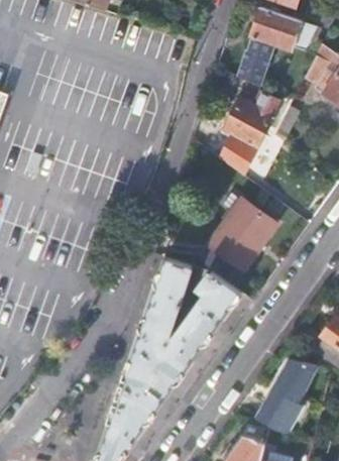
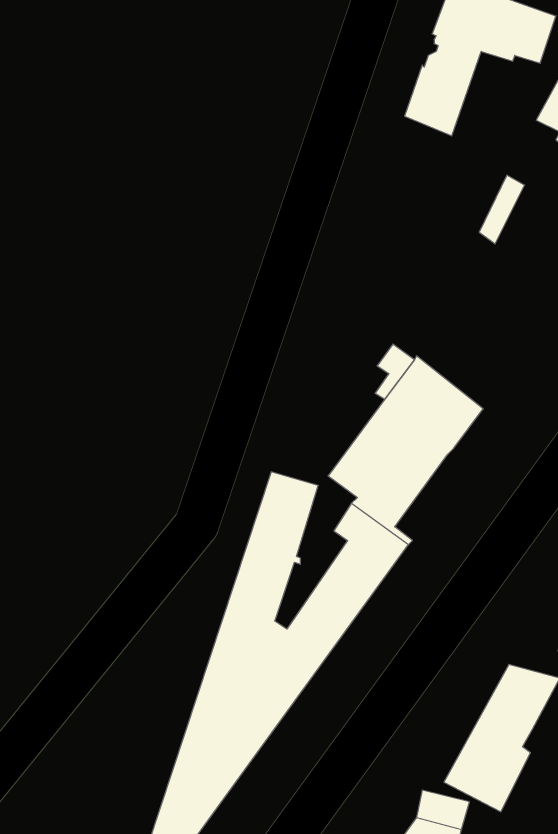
building: [223,90,285,158] -> none

